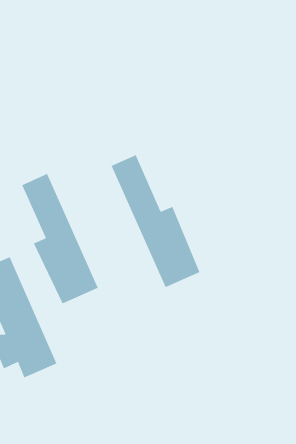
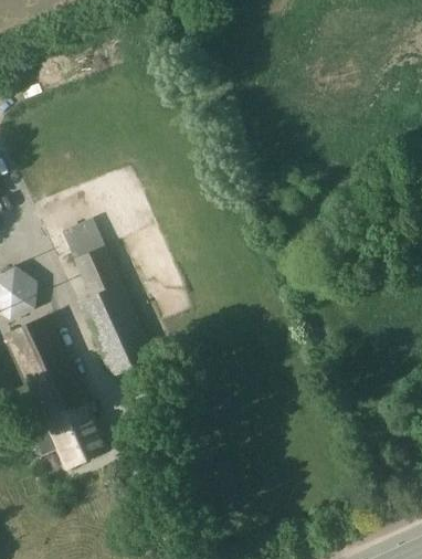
building: [110,154,201,288] -> none

